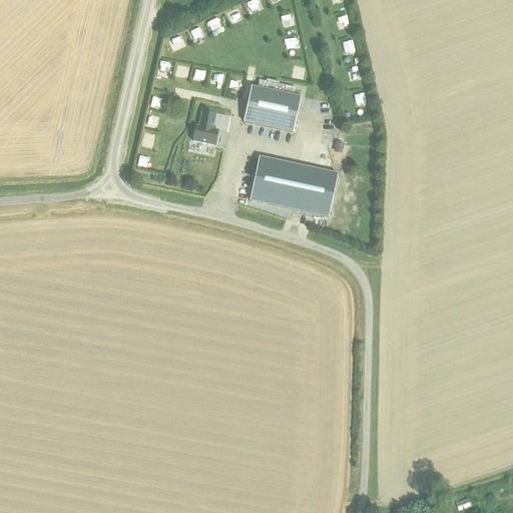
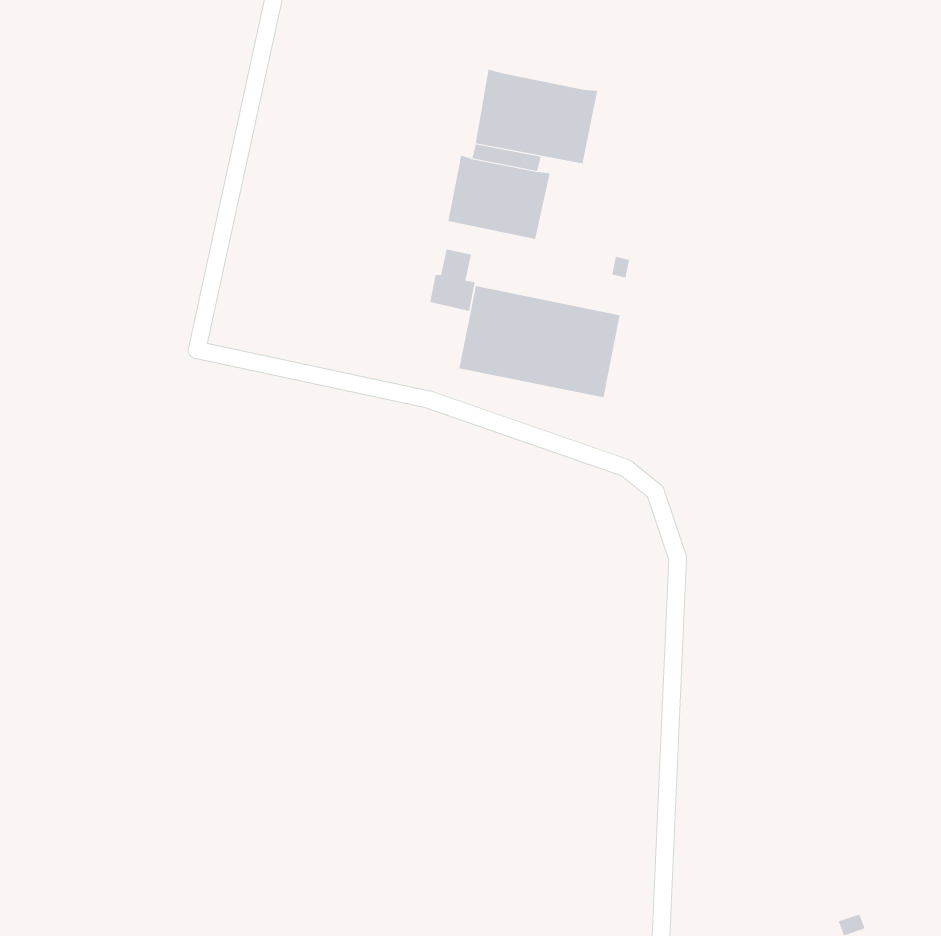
building: none -> [475,69,598,164]
building: [192,110,217,144] -> [429,249,475,312]

